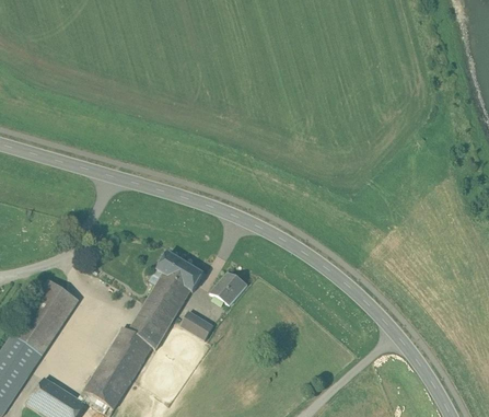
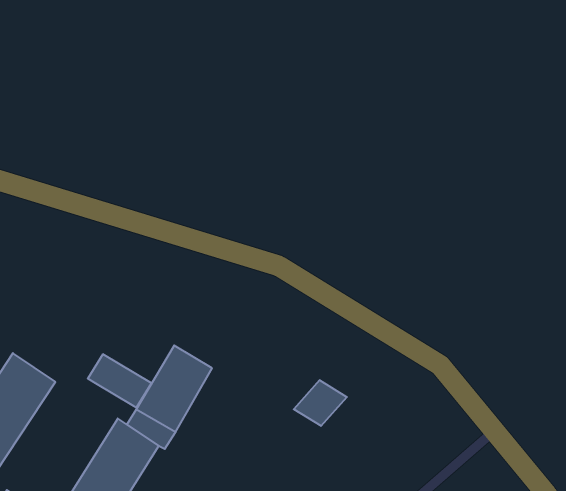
building: [158,254,203,292] -> [88,354,152,408]
building: [209,274,247,306] -> [294,380,347,426]
building: [181,312,213,340] -> none

